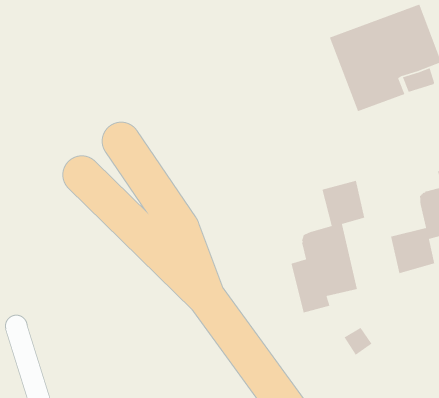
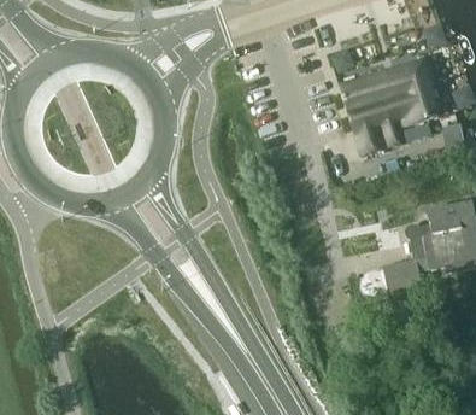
building: [290,180,365,313] -> none

